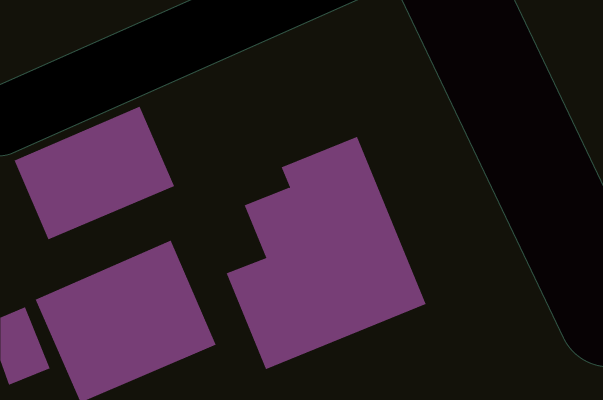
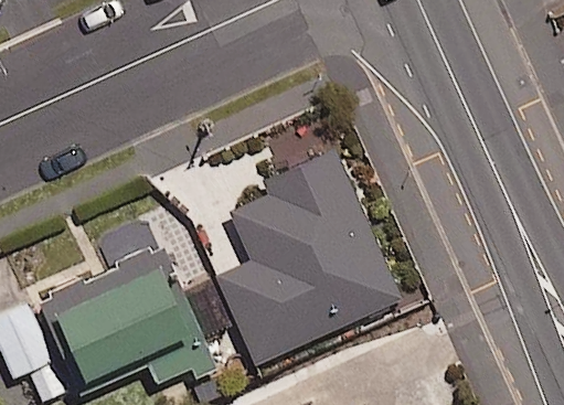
building: [14,106,175,240] -> none

